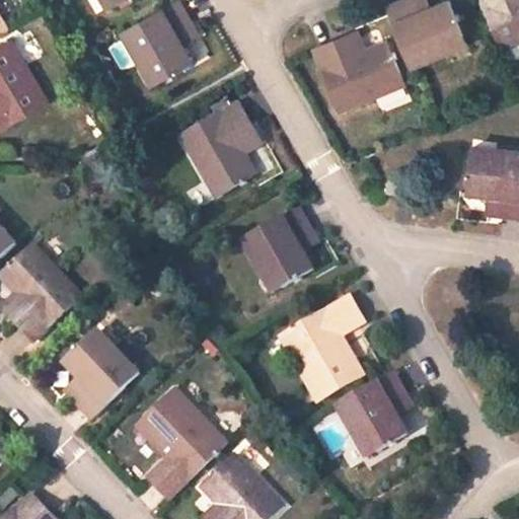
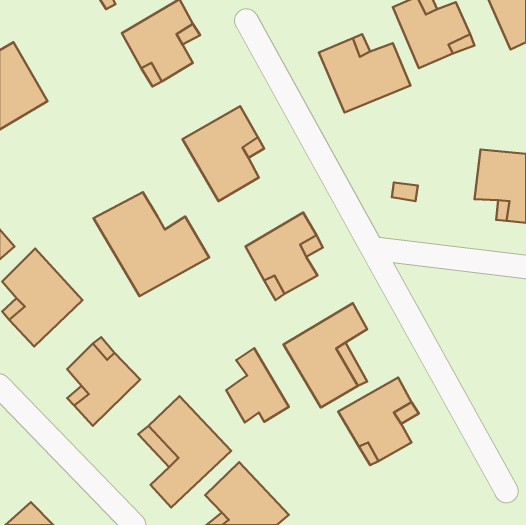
building: none -> [94,192,209,296]
building: none -> [226,348,289,422]

